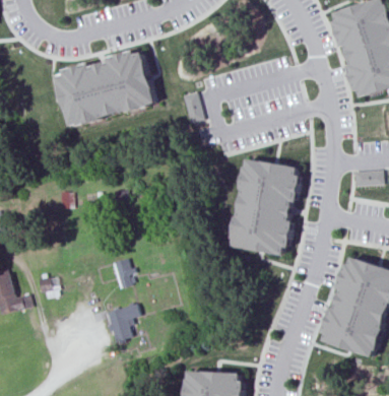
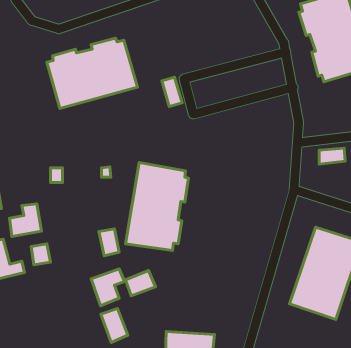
building: [229,157,298,254] -> [125,163,188,250]
building: none -> [9,204,41,237]
building: none -> [126,271,155,296]
building: none -> [101,308,128,342]

